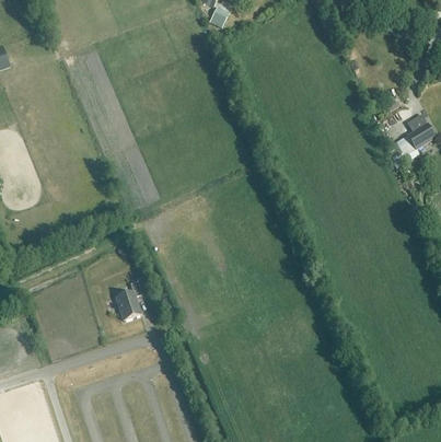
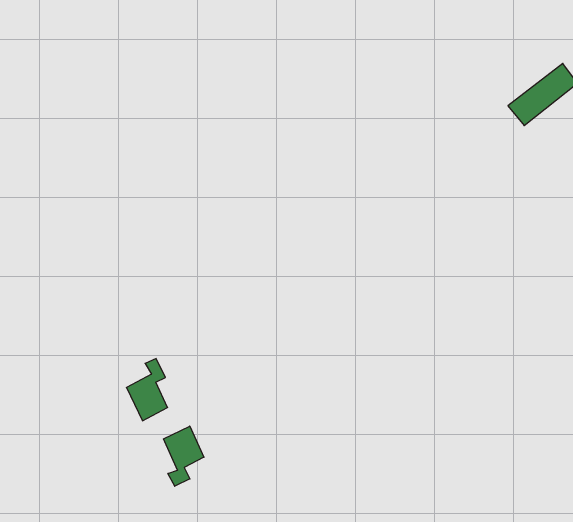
building: none -> [163,426,204,486]

